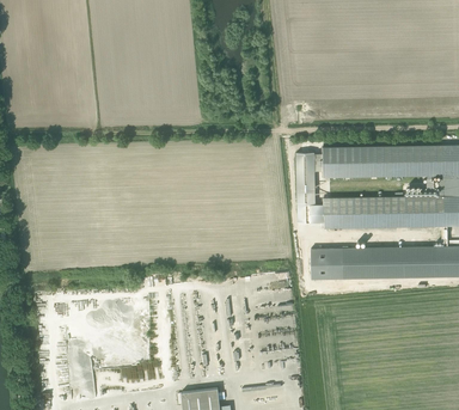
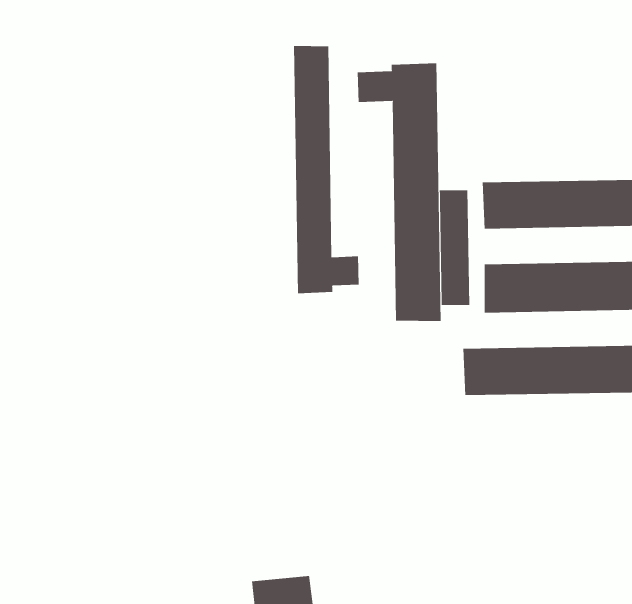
building: none -> [293,45,359,294]
building: none -> [357,62,441,322]

